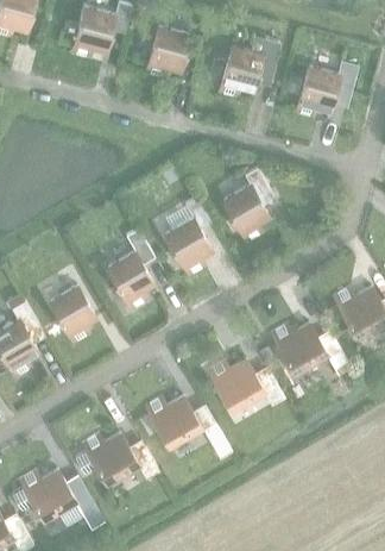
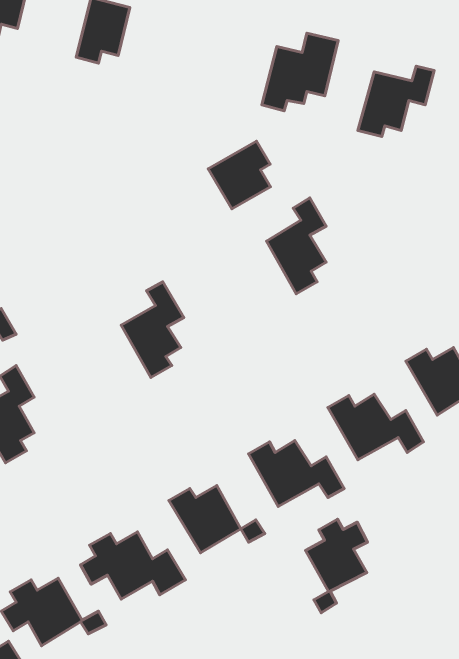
building: [145,25,189,77] -> none
building: none -> [208,141,271,209]
building: [164,217,212,275] -> none
building: [49,284,96,343] -> none
building: none -> [306,519,367,613]

